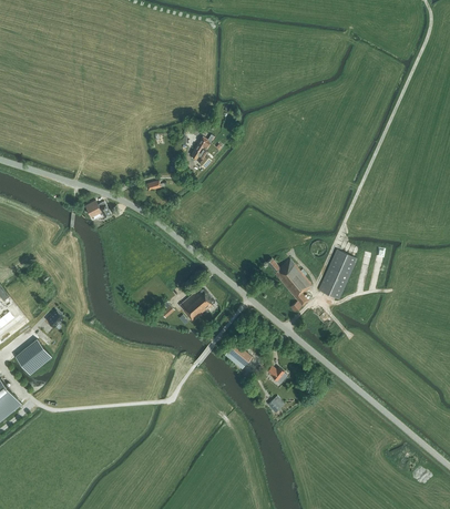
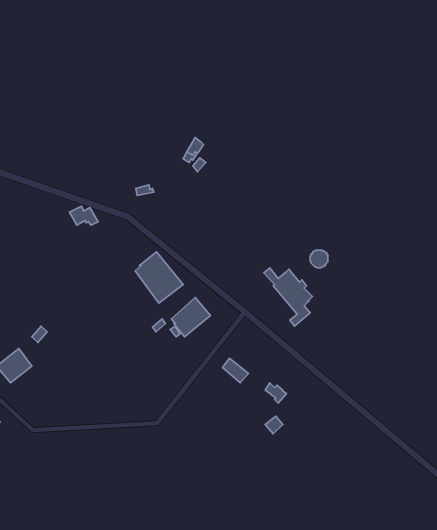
building: none -> [135,252,183,303]
building: [318,251,357,299] -> none

